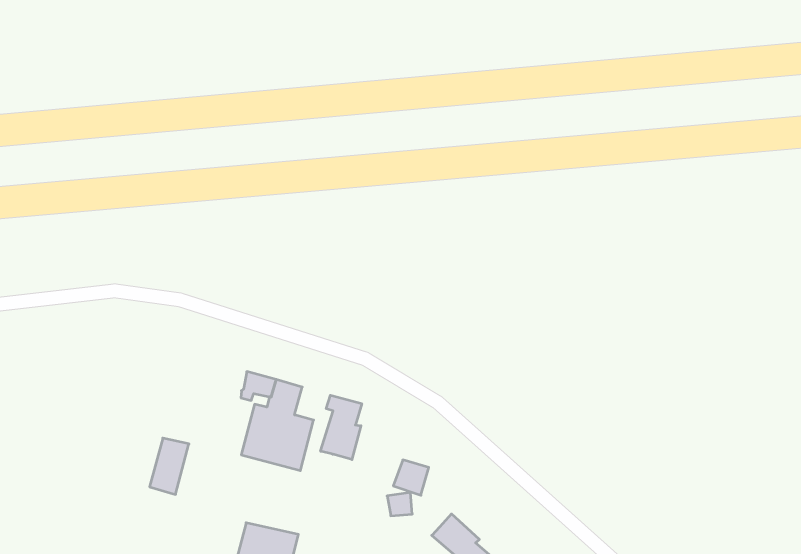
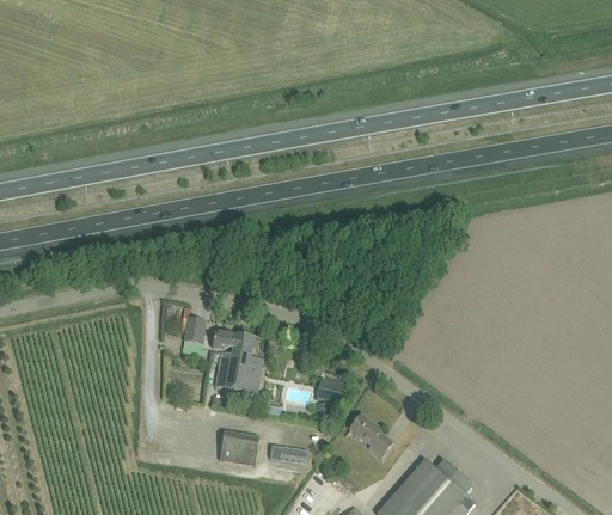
building: [321,395,362,460] -> none
building: [150,438,189,494] -> [182,317,206,354]

